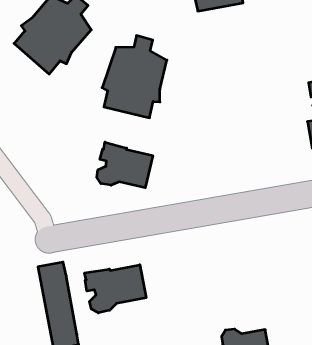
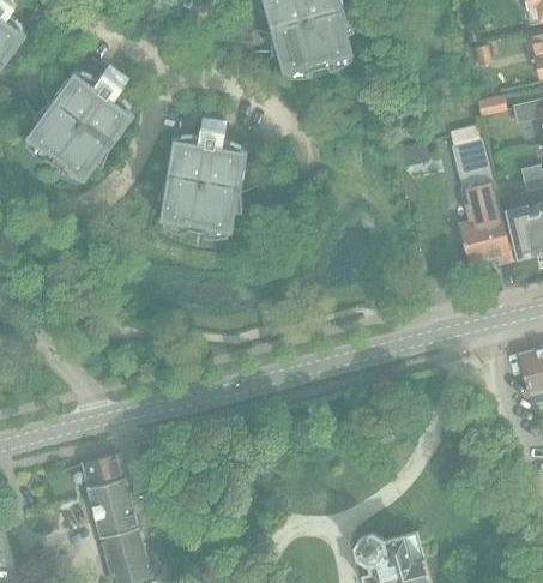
building: [97,142,153,188] -> none
building: [85,265,146,313] -> none

